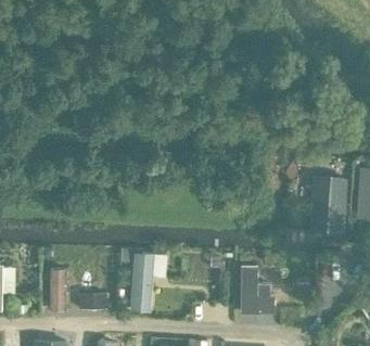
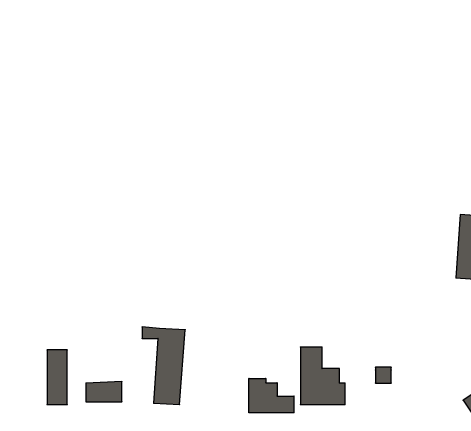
building: [312,180,348,232] -> none
building: none -> [249,378,294,413]

